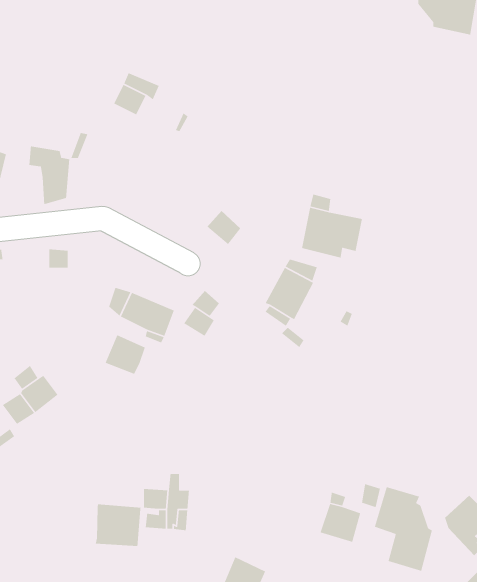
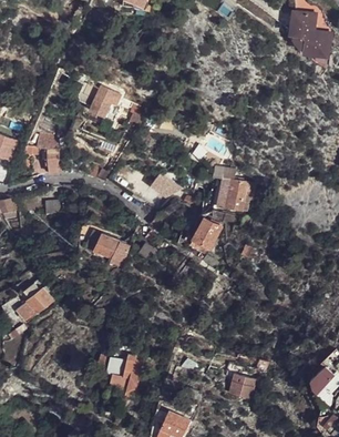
building: [105,334,146,375] -> none
building: [374,486,433,572] -> none
building: [95,504,142,547] -> none

